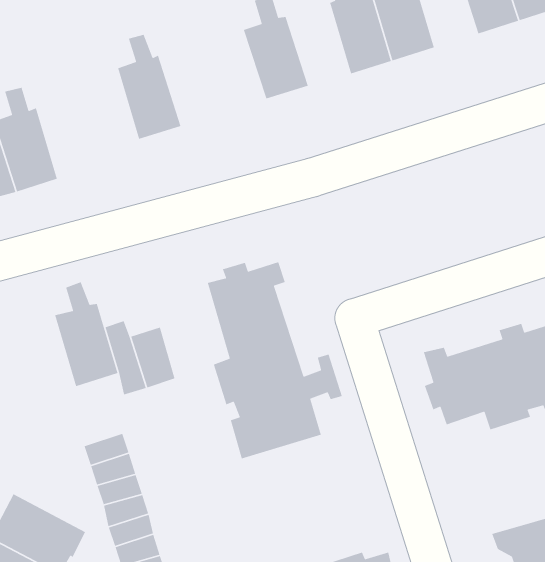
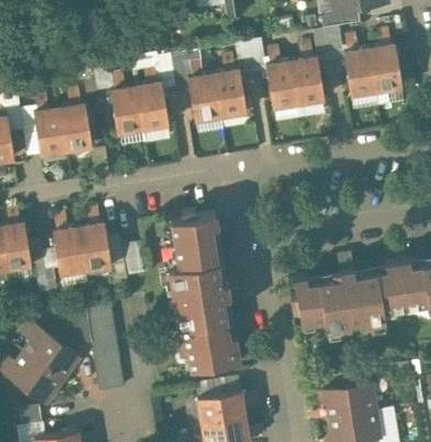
building: none -> [187,63,220,123]
building: none -> [109,76,142,136]
building: none -> [52,216,85,277]
building: none -> [176,321,239,374]

